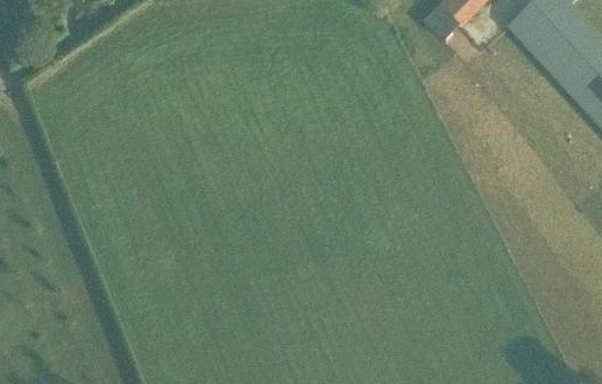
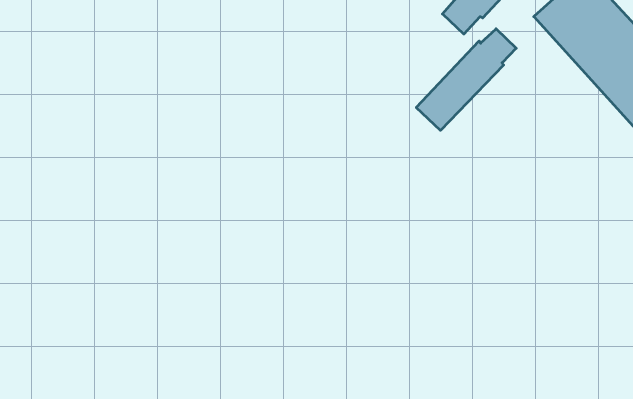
building: none -> [416,29,516,130]

